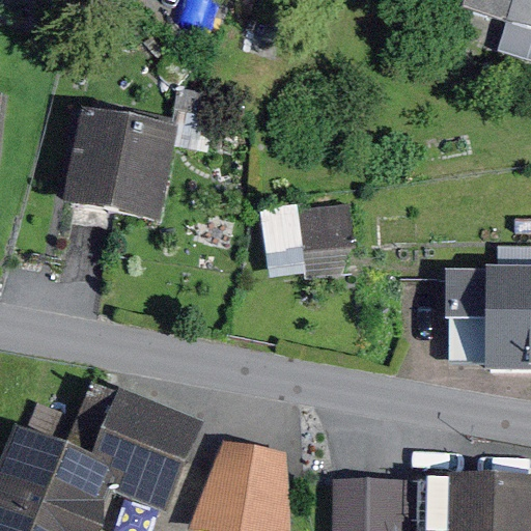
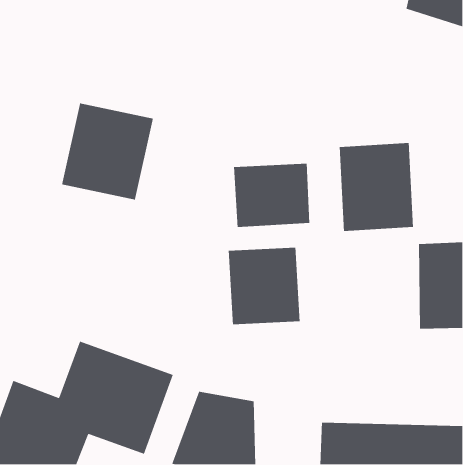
building: none -> [339,142,414,232]
building: none -> [228,247,301,325]

